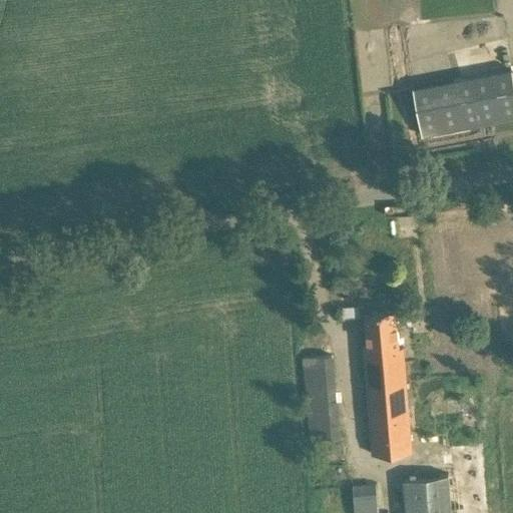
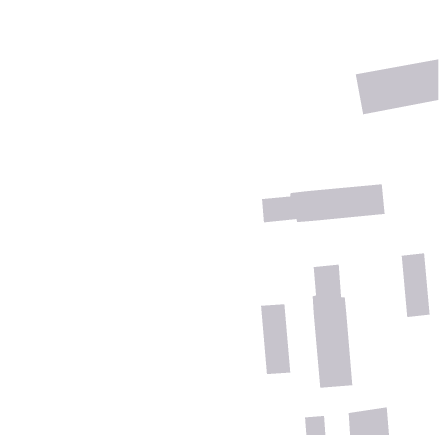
building: none -> [261,184,386,223]
building: none -> [401,253,430,318]

